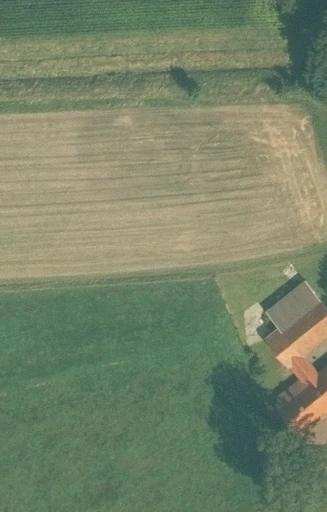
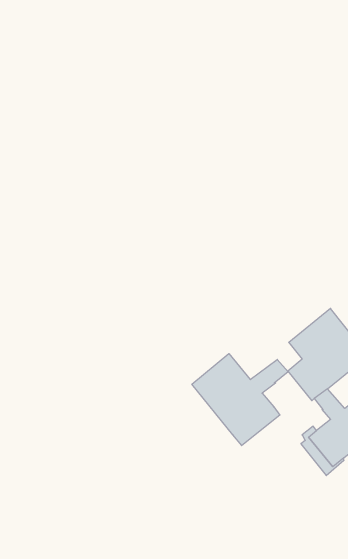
building: none -> [192,354,288,446]

